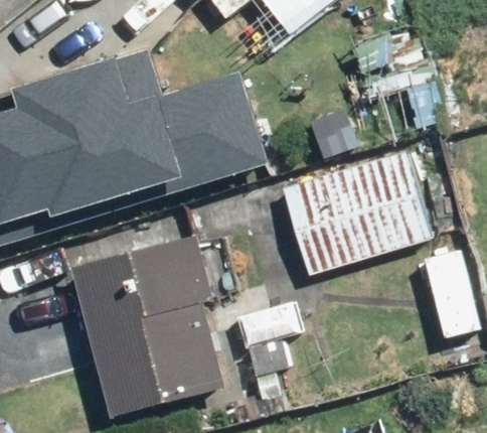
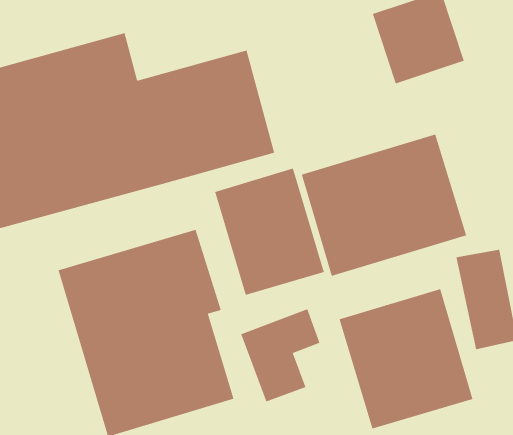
building: none -> [214,167,325,296]
building: none -> [339,288,474,429]

